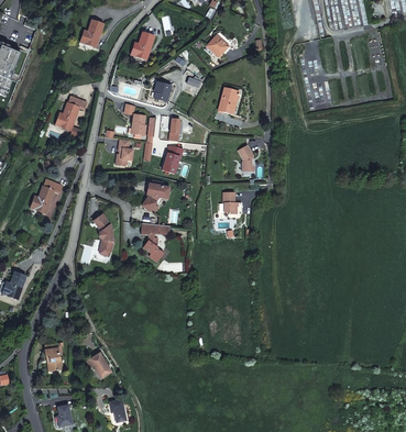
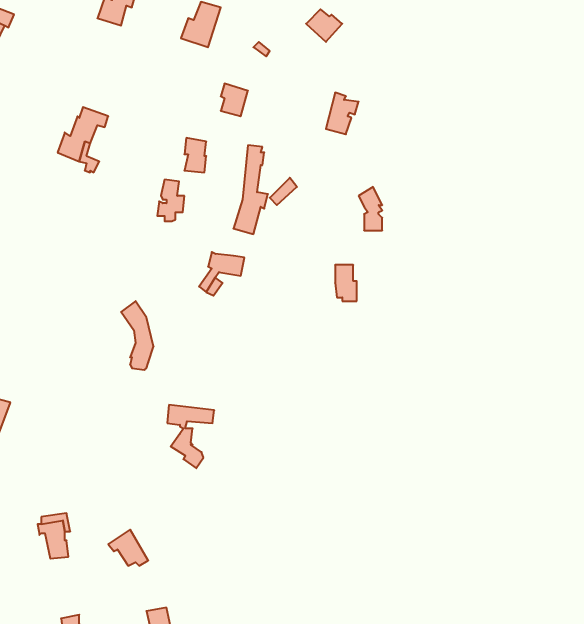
building: [30,179,62,213] -> none
building: [141,223,169,262] -> [167,405,214,468]

